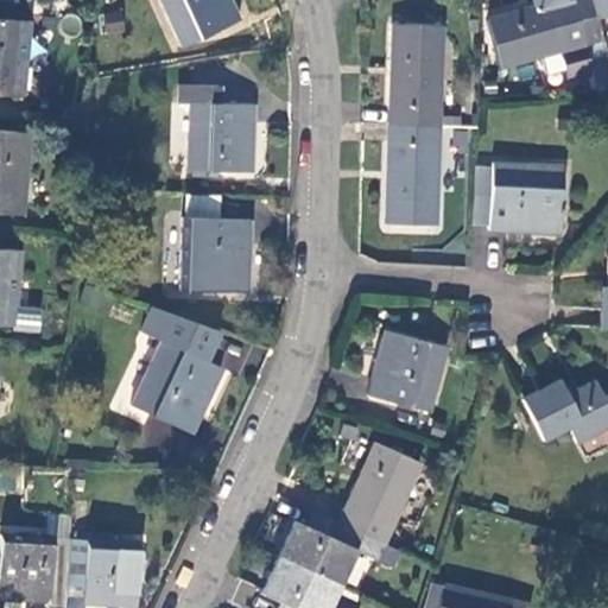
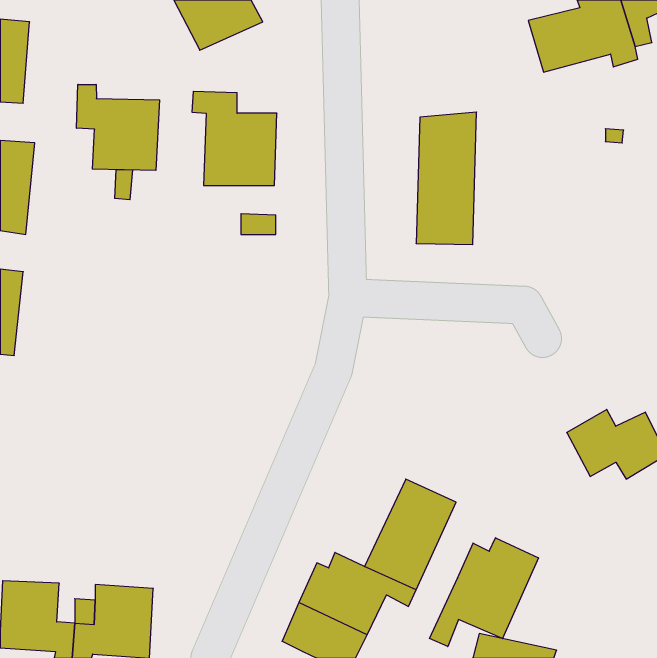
building: [388,24,443,108] -> none
building: none -> [77,84,160,170]
building: [489,163,566,233] -> none
building: [184,217,253,293] -> none
building: [131,306,222,433] -> none
building: [367,328,448,411] -> none
building: none -> [430,538,538,647]

